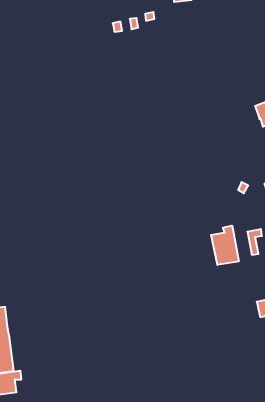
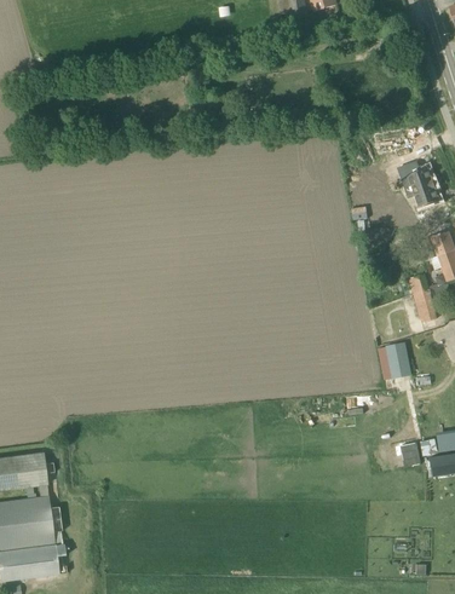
building: [211,226,239,265] -> none

